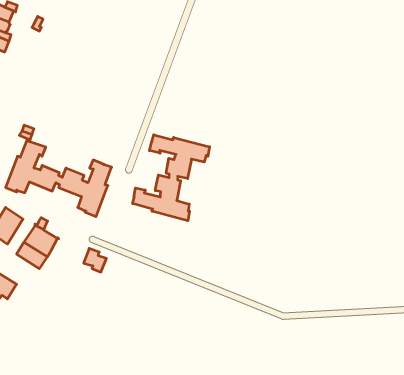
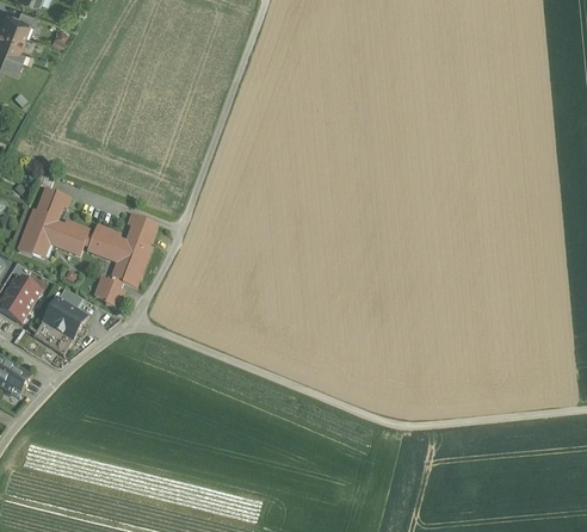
building: [133,135,210,221] -> none
building: [84,248,106,272] -> [94,276,124,307]

